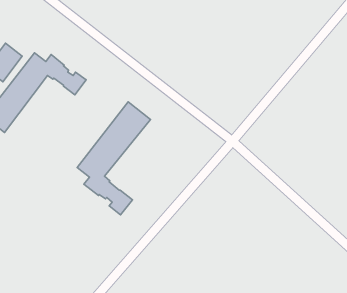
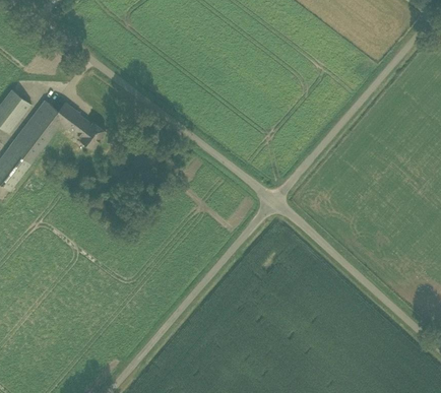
building: [77,102,150,215] -> none

